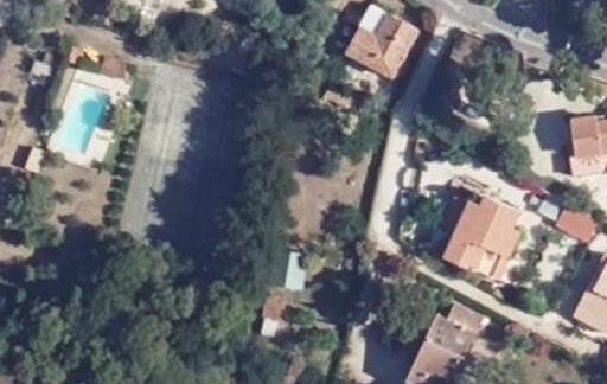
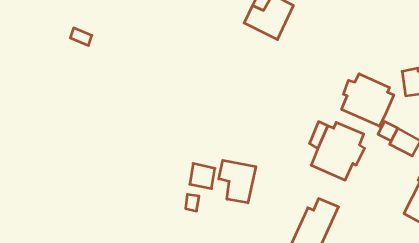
building: none -> [342,74,394,126]
building: none -> [219,160,256,203]

